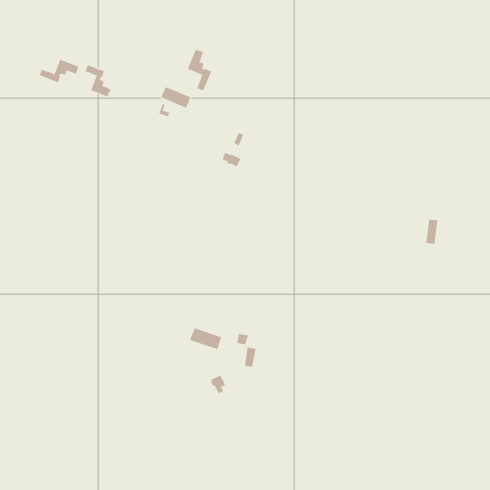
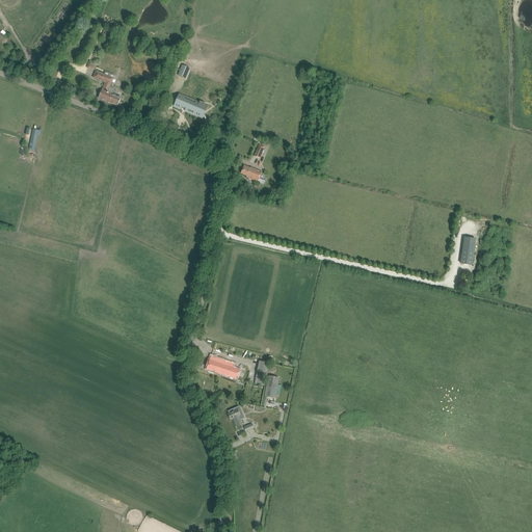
building: [187,49,212,91] -> none
building: [39,59,79,83] -> none

